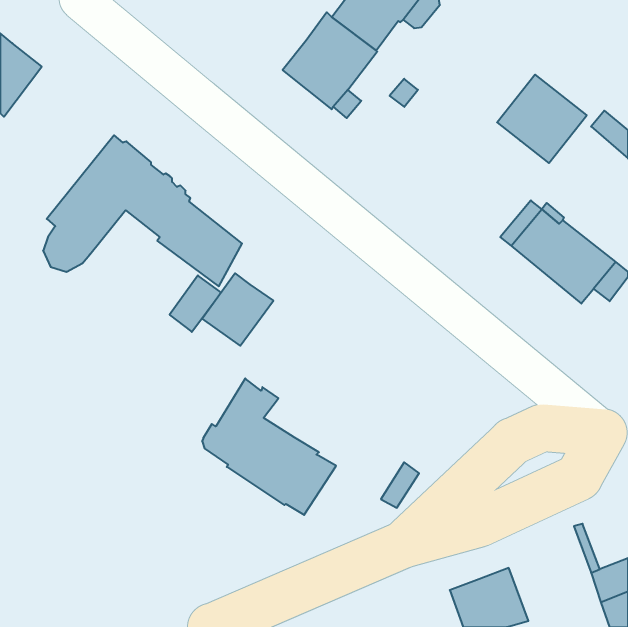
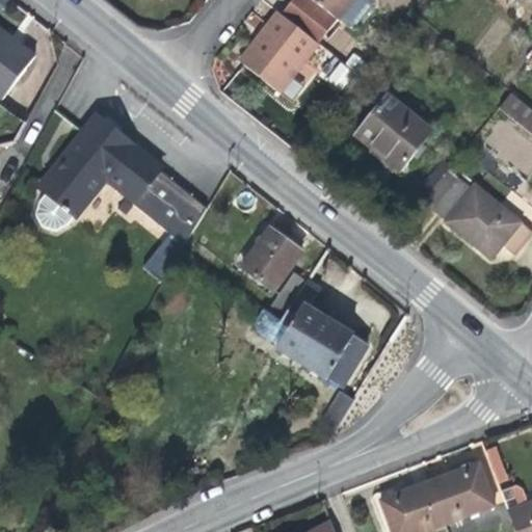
building: [497,75,587,163] -> [356,95,432,169]
building: [202,273,273,346] -> [242,228,302,289]
building: [202,378,336,515] -> [257,271,370,387]
building: none -> [430,461,496,525]

